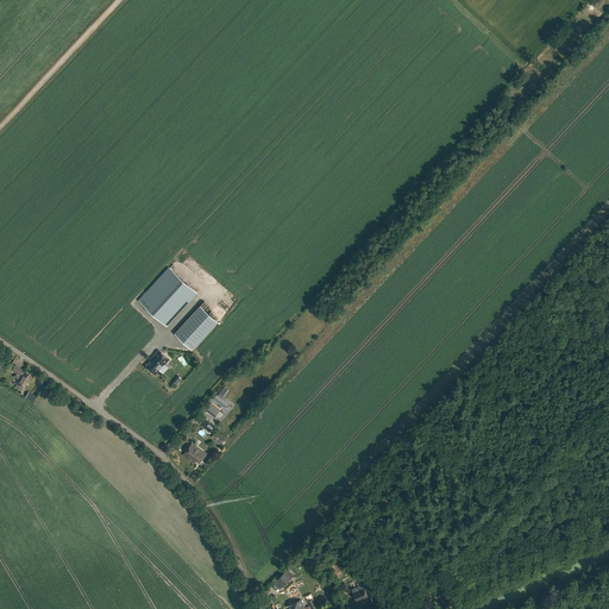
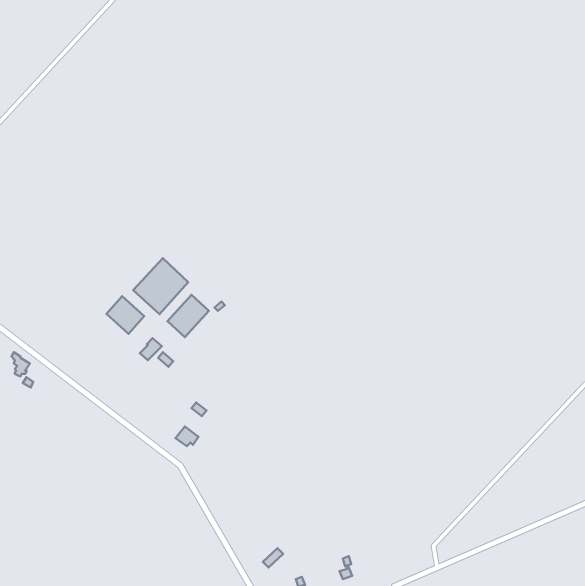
building: none -> [106,296,144,334]

